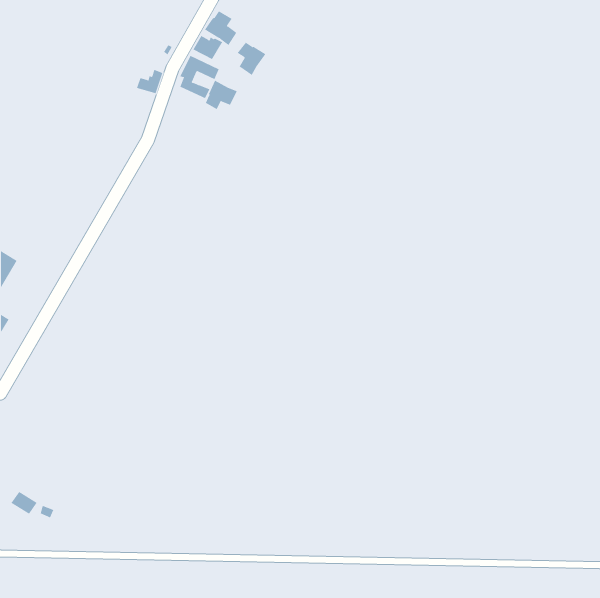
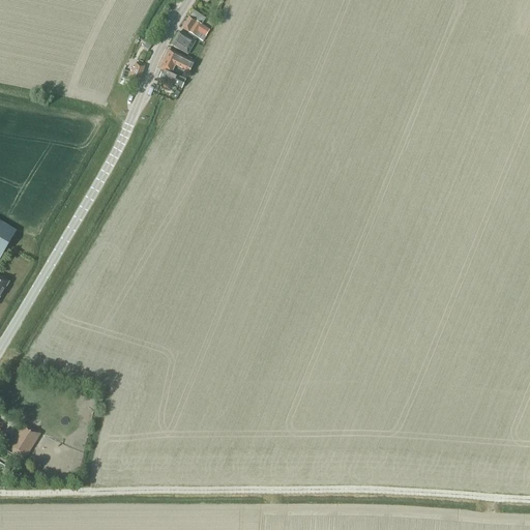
building: [237,42,266,76] -> none
building: [205,80,237,110] -> none

